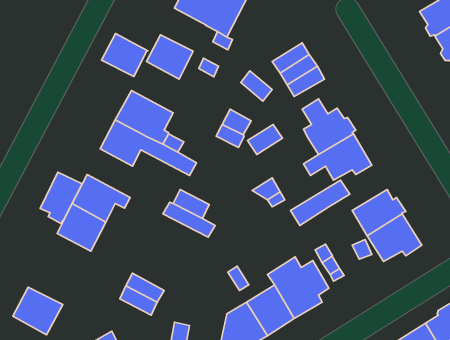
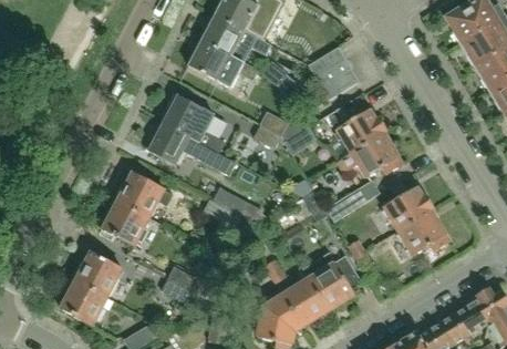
building: [101,33,148,76] -> [200,14,245,55]
building: [40,172,82,224] -> none
building: none -> [74,253,122,297]

